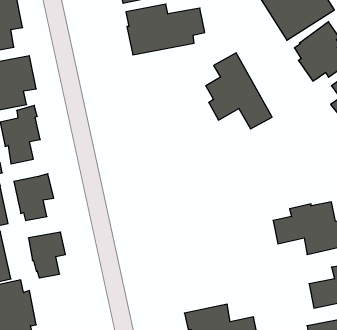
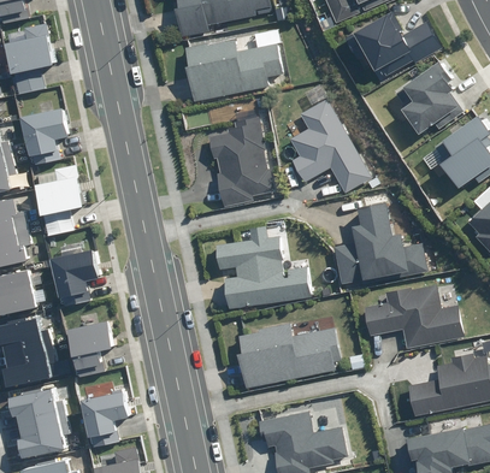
building: none -> [211,117,277,206]
building: none -> [335,196,435,286]
building: none -> [211,226,307,309]
building: none -> [232,323,337,389]
building: none -> [81,389,129,436]

